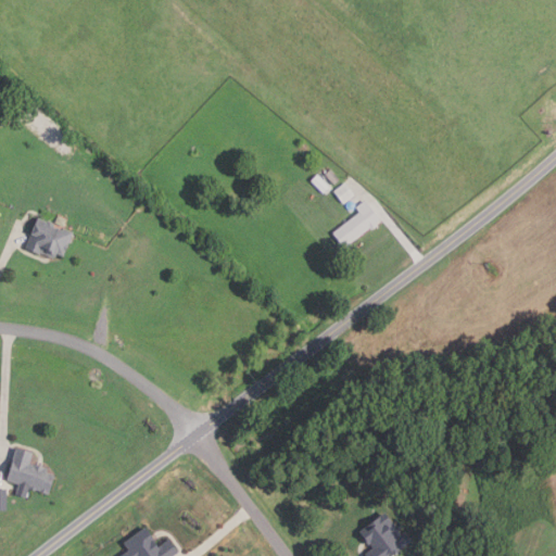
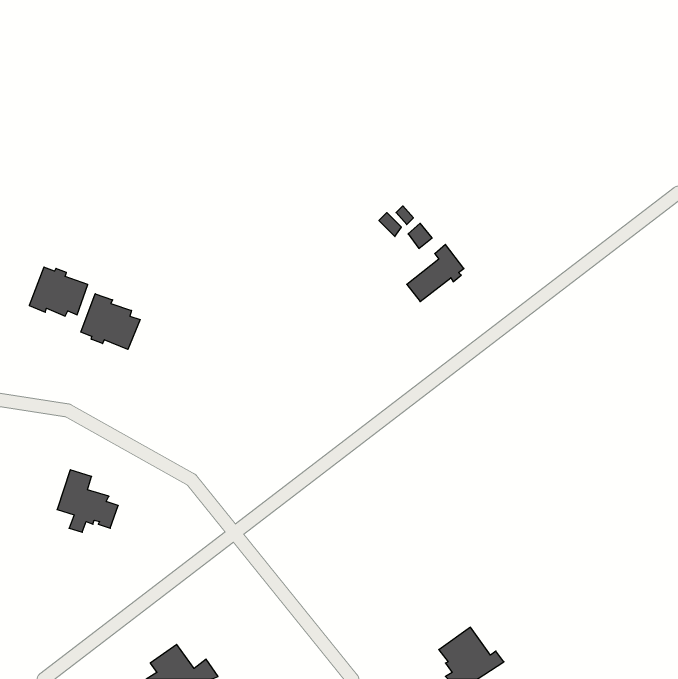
building: none -> [81,294,140,349]
building: [4,446,54,497] -> [57,470,118,532]

